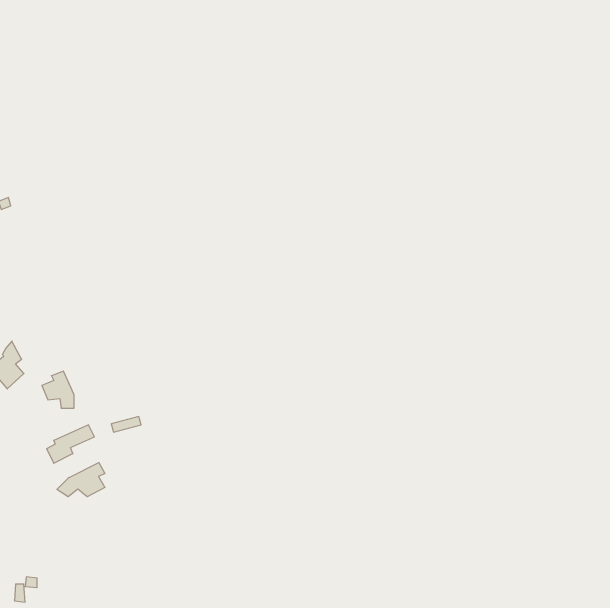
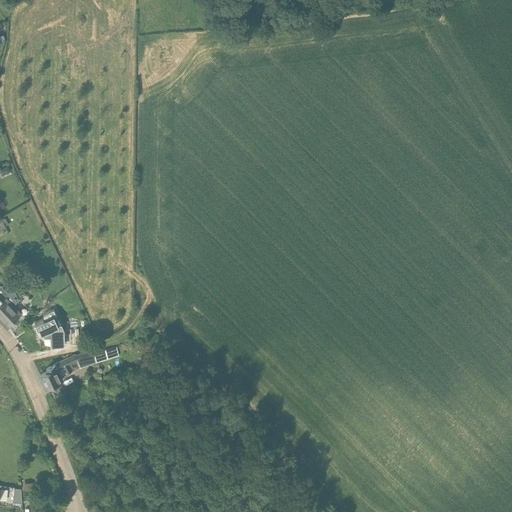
building: [57,463,105,497] -> none

